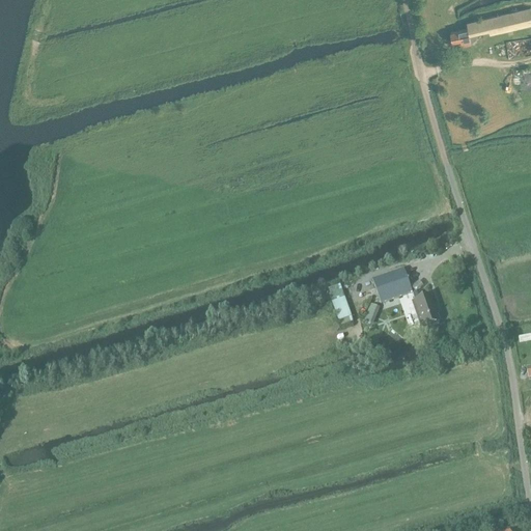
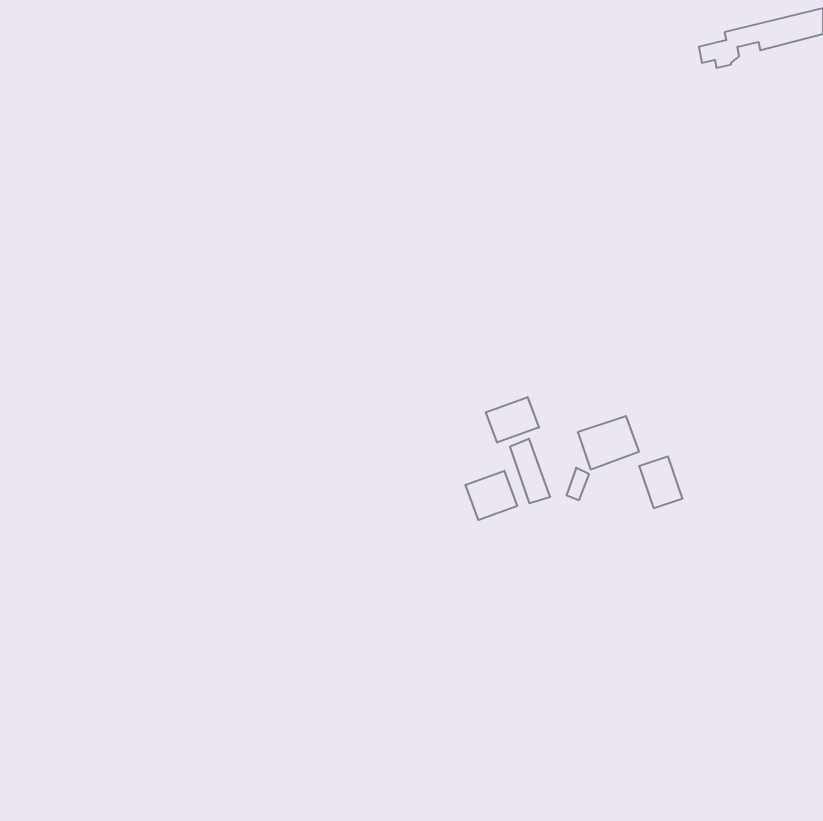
building: none -> [486,397,539,443]
building: none -> [465,471,517,520]

